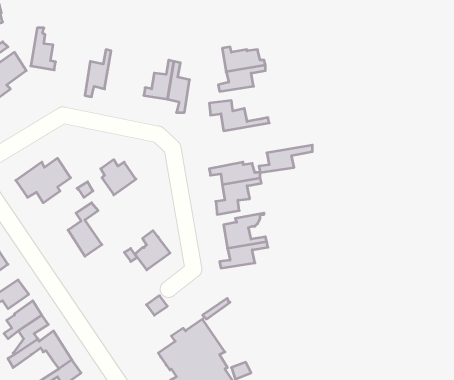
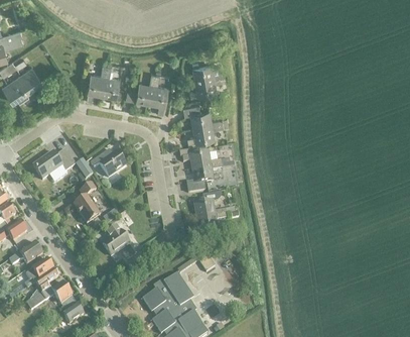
building: [31,28,56,70] -> [102,65,121,97]
building: [259,145,312,173] -> [187,120,229,141]
building: [135,231,170,270] -> [103,224,130,254]

